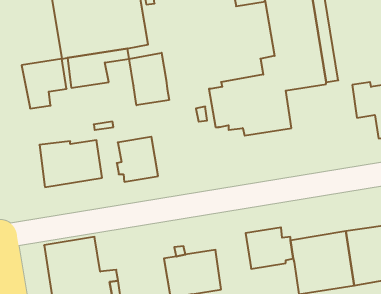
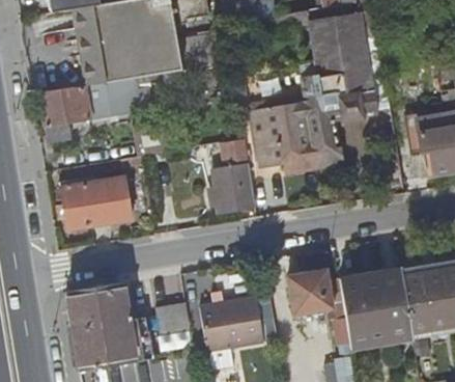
building: [129,53,169,105] -> none
building: [117,137,158,182] -> [209,164,255,214]
building: none -> [154,300,189,332]

